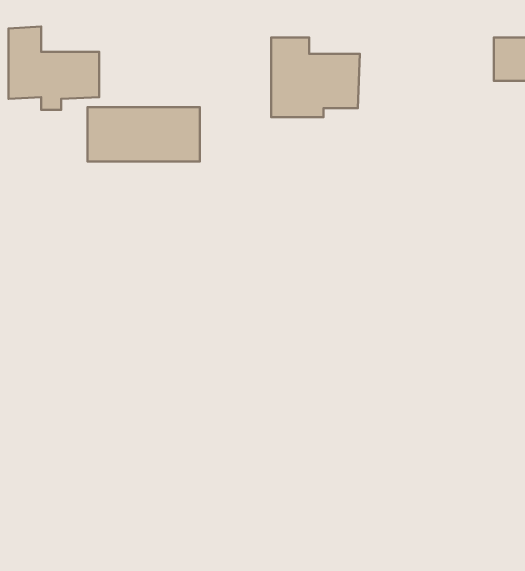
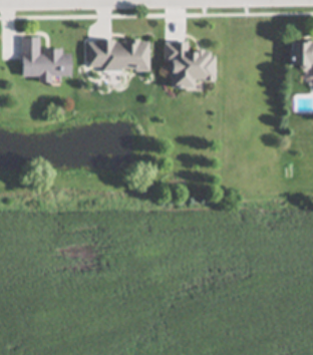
building: [87,107,200,161] -> [87,40,149,70]

